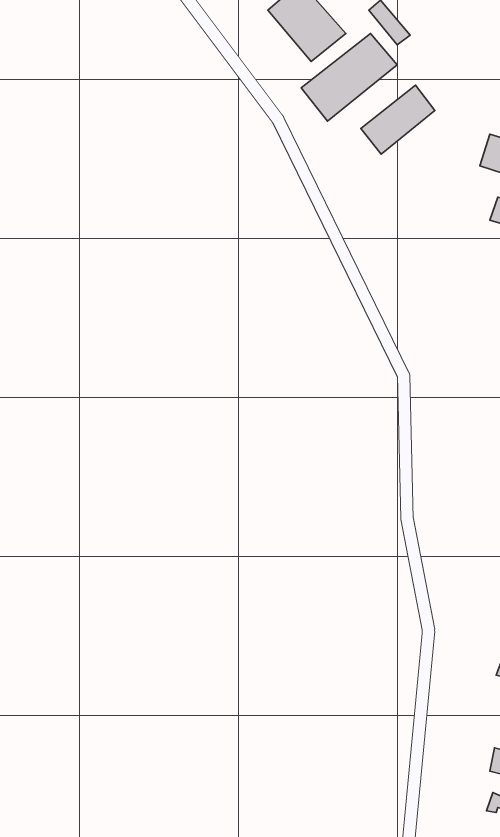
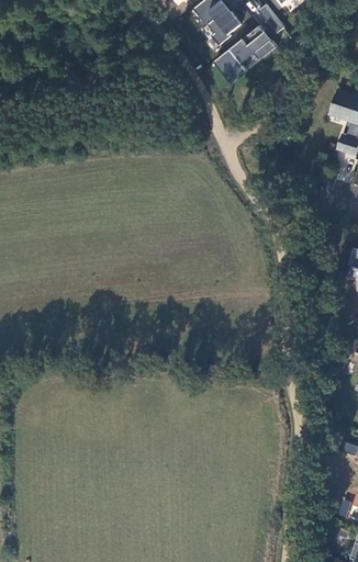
building: [361,85,435,154] -> none

